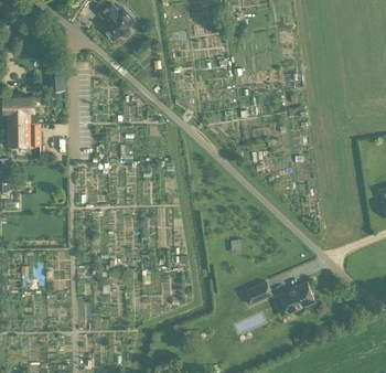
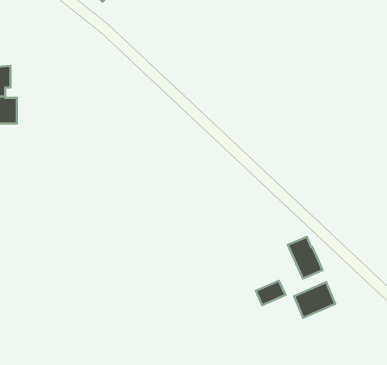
building: none -> [288,237,323,279]

